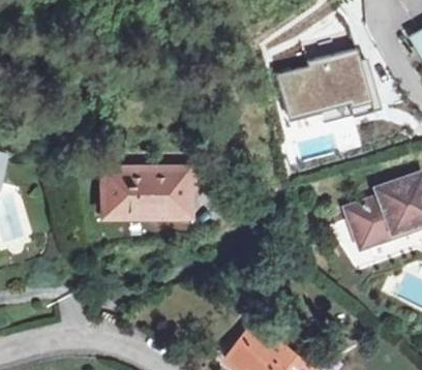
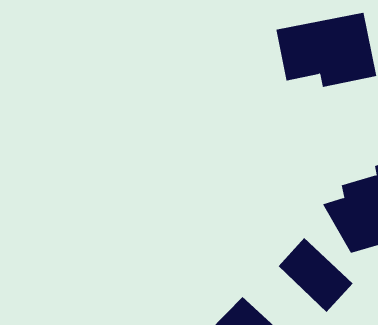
building: [97,164,187,225] -> none
building: none -> [278,237,353,313]

